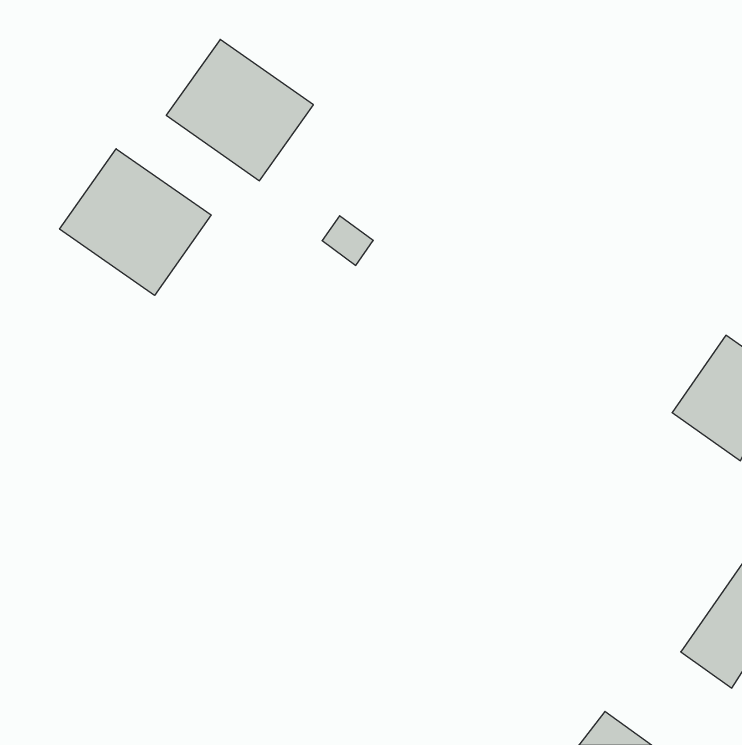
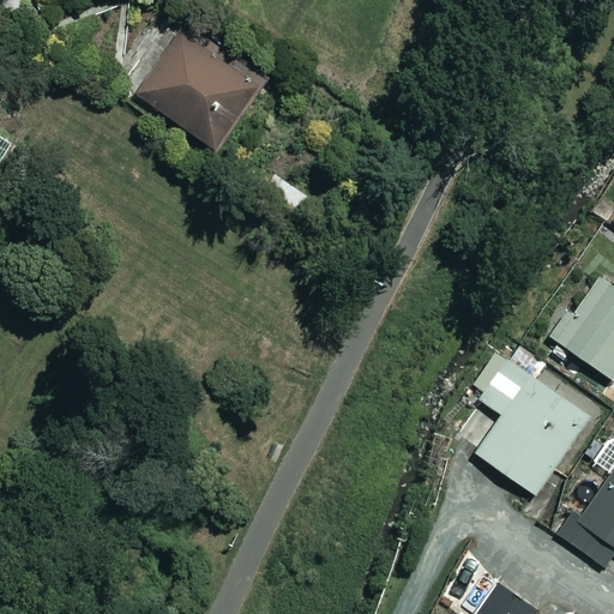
building: [60,149,211,295] -> none
building: none -> [476,361,588,495]

